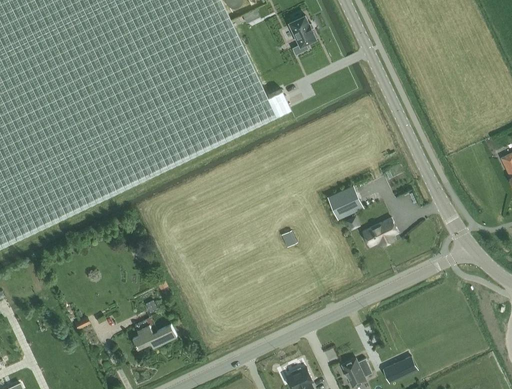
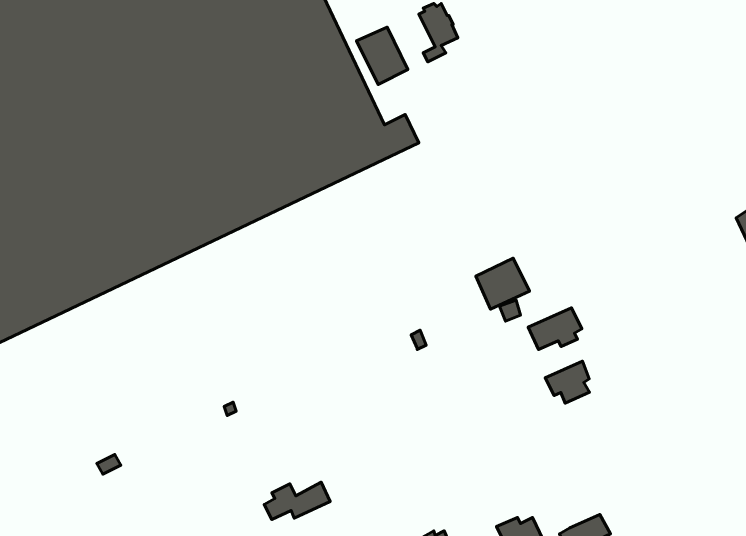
building: none -> [357,27,408,84]
building: none -> [545,361,589,403]
building: [132,324,176,349] -> [264,482,330,520]

